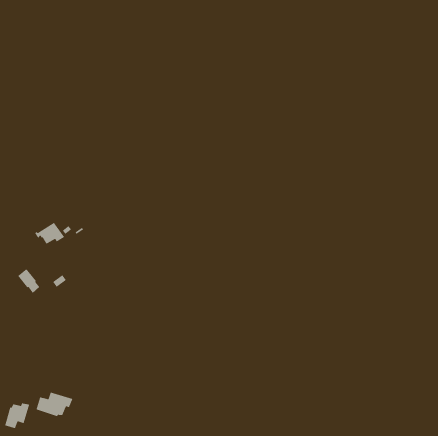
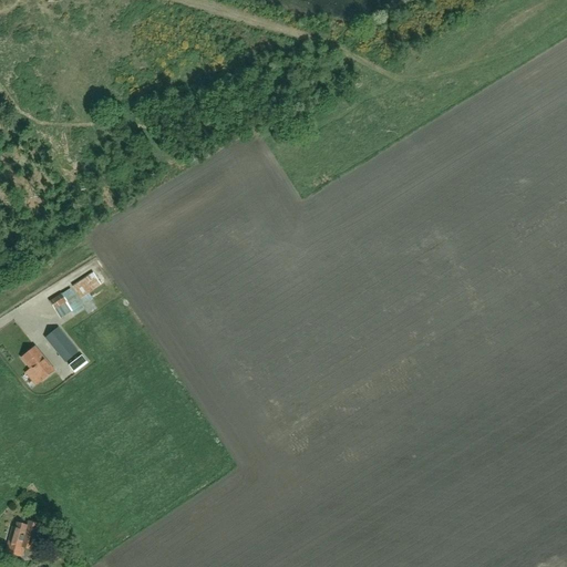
building: none -> [45,326,78,360]
building: [36,391,73,417] -> none

